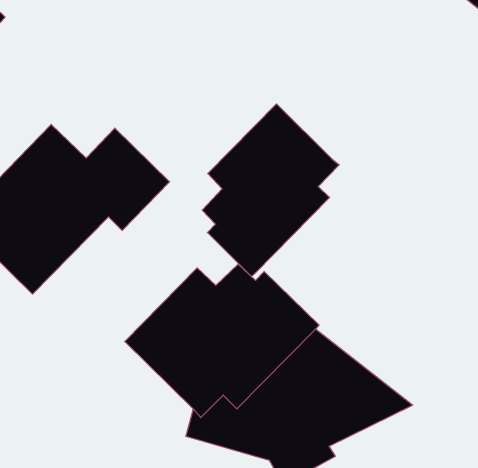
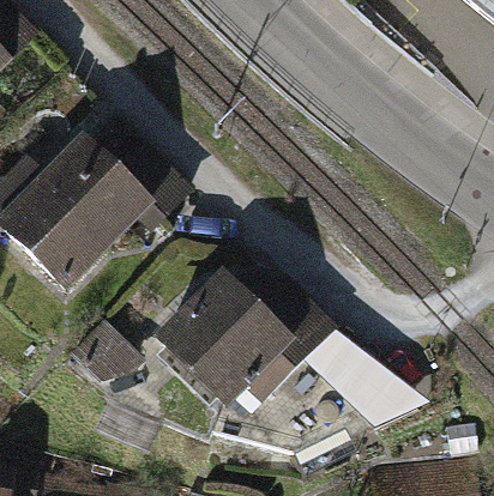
building: [202,104,339,277] -> none

